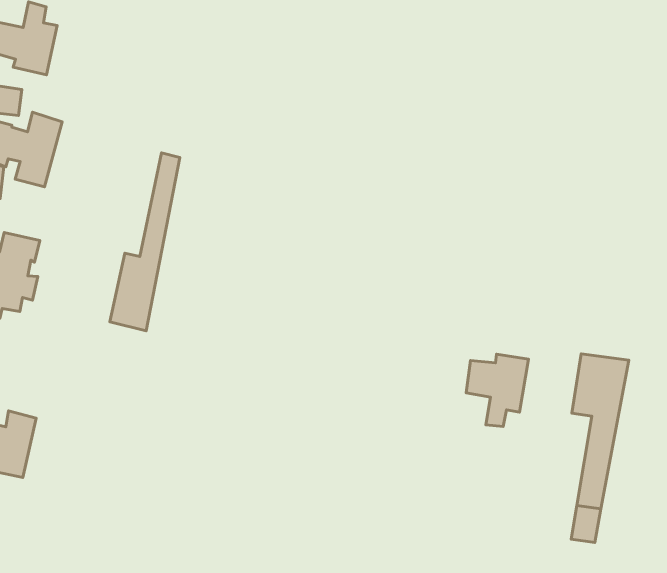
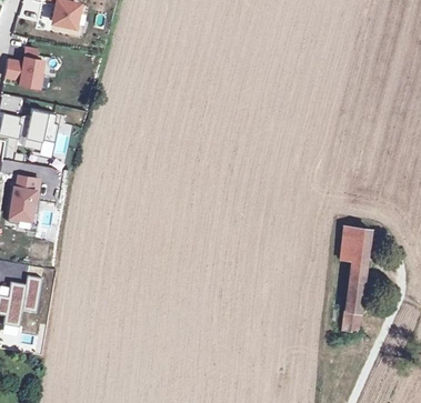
building: [110,153,180,331] -> none
building: [466,354,529,427] -> none

